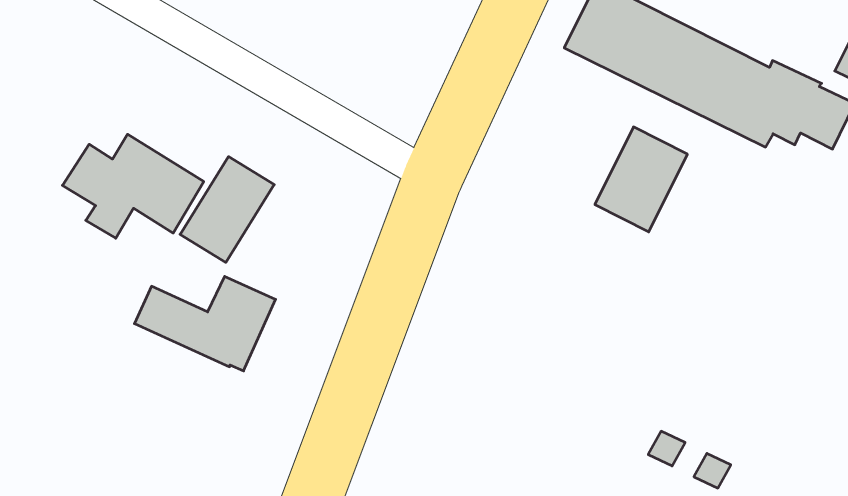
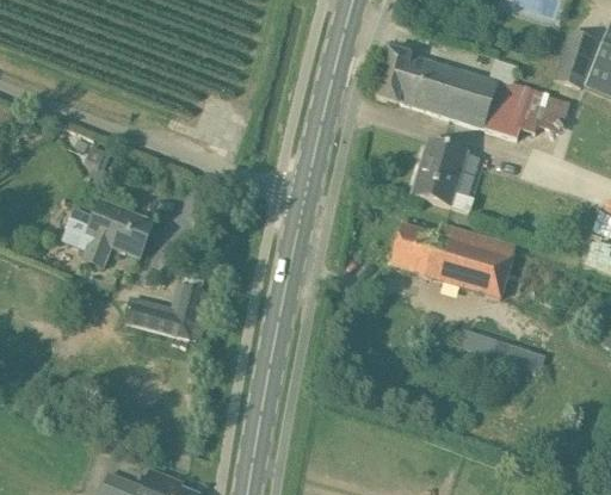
building: [180,157,274,262] -> none
building: none -> [390,223,517,298]

